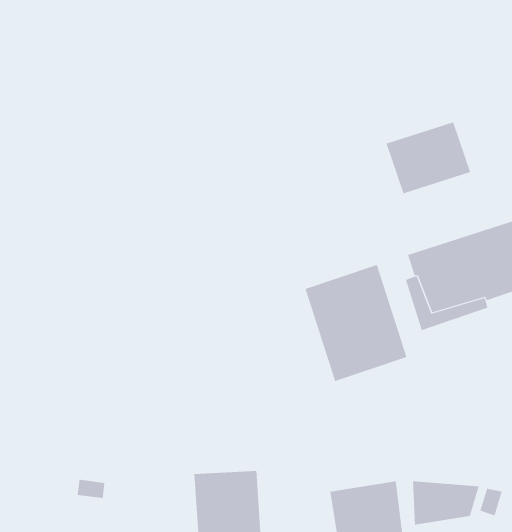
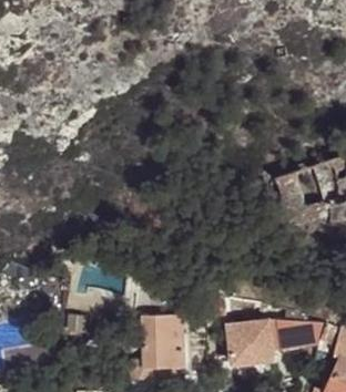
building: [386,121,471,194] -> none
building: [305,264,407,382] -> none

